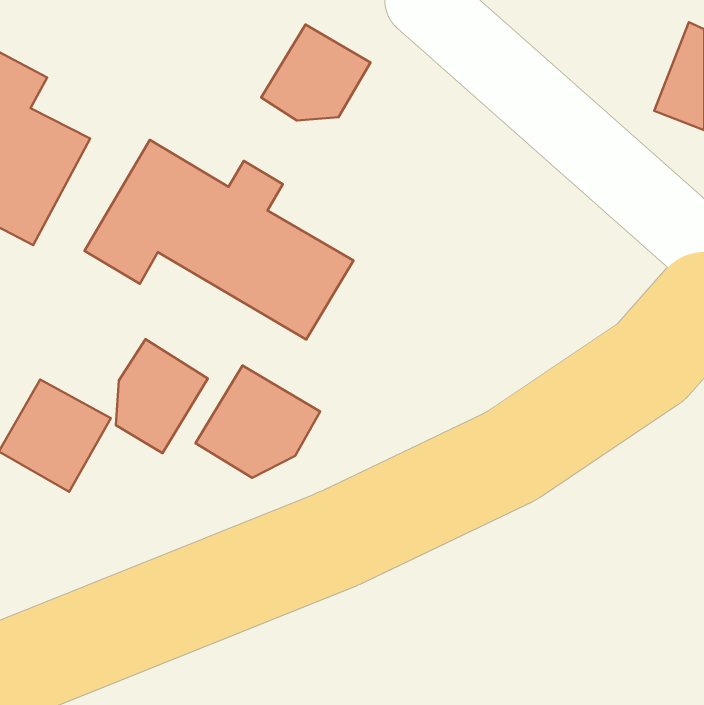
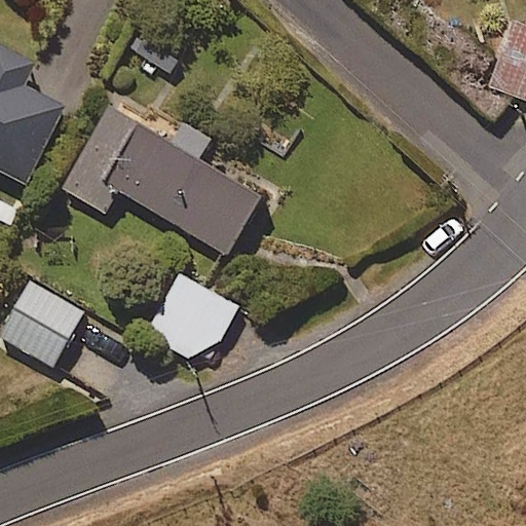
building: [261,24,370,120] -> none
building: [116,339,208,453] -> none

